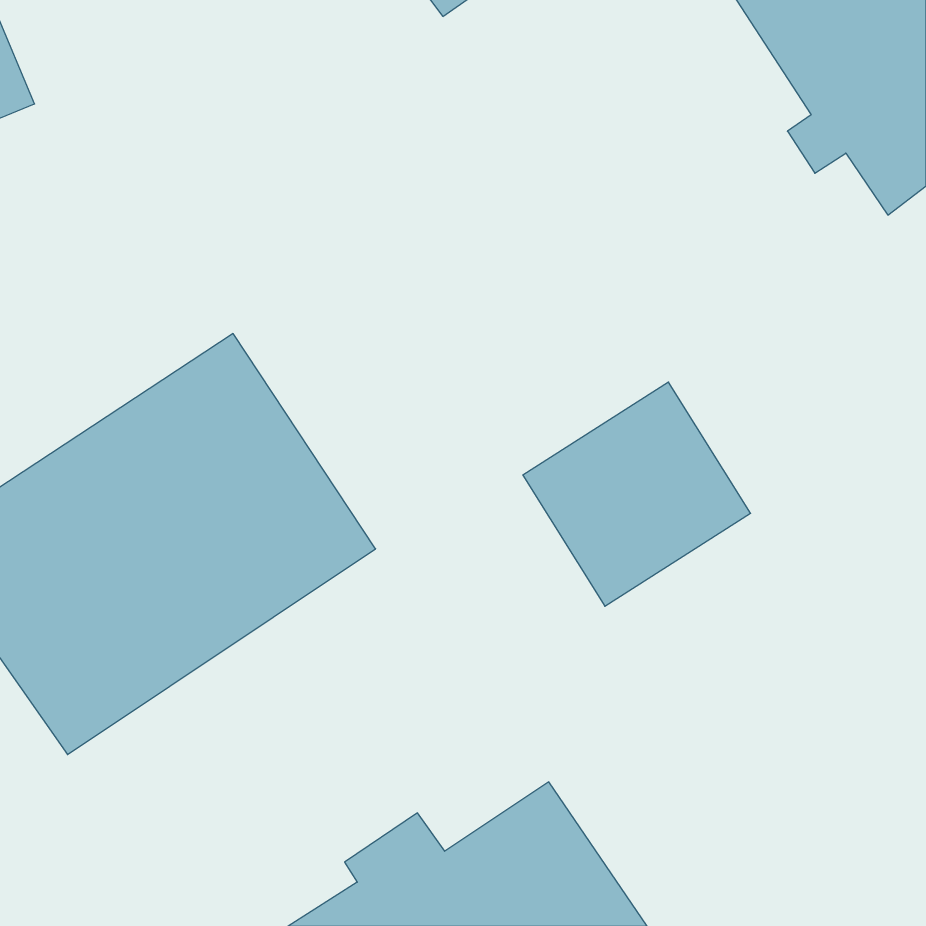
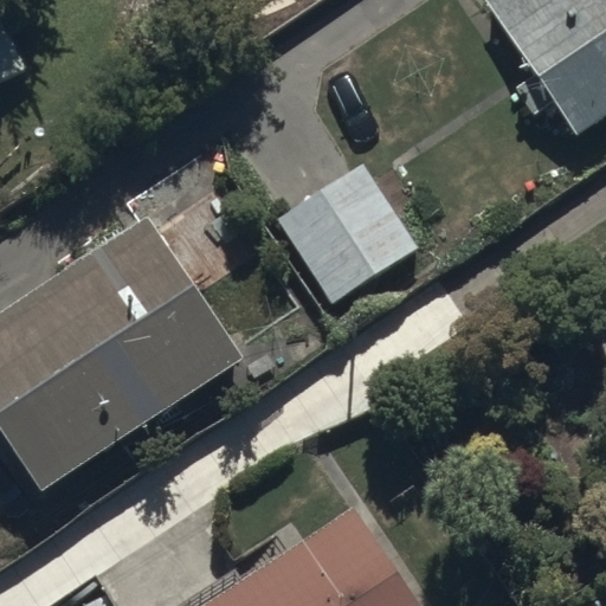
building: [523,382,751,606] -> [272,163,420,309]

